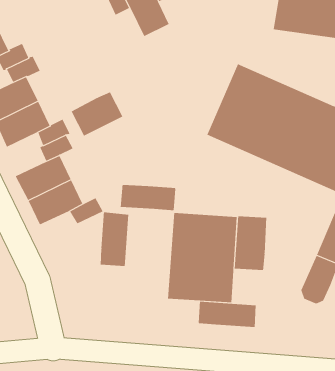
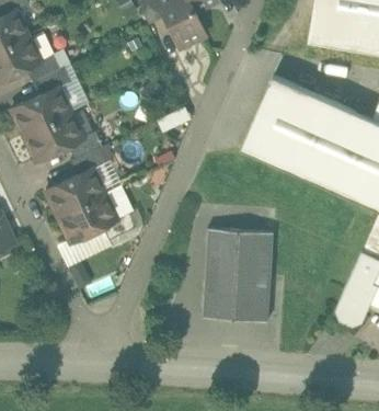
building: [71,91,123,136] -> none
building: [120,184,176,211] -> none
building: [100,211,129,267] -> none
building: [234,216,267,271] -> none
building: [198,301,256,328] -> none

